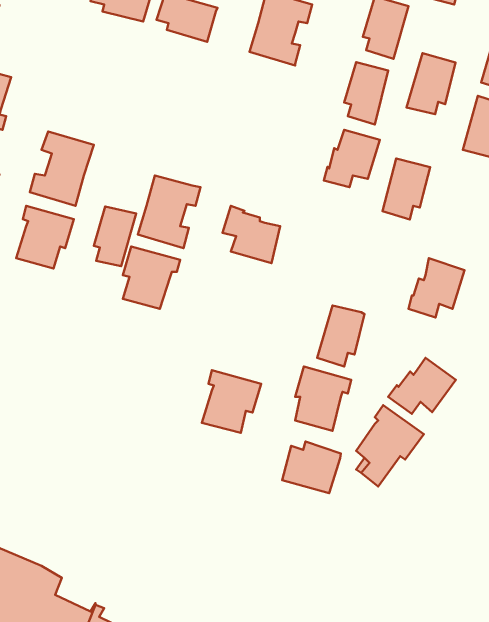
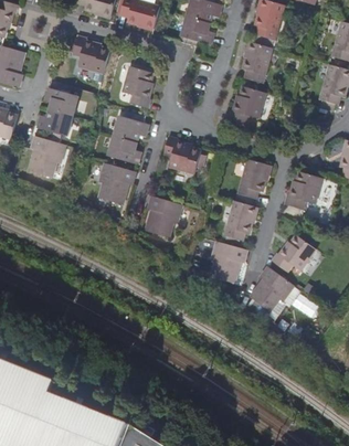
building: none -> [72,35,109,73]
building: [407,53,456,114] -> none
building: none -> [121,66,152,107]
building: [383,159,430,219] -> [237,159,268,199]
building: [94,206,136,266] -> none
building: [202,370,261,433] -> [144,195,182,236]
building: [282,442,341,493] -> none

